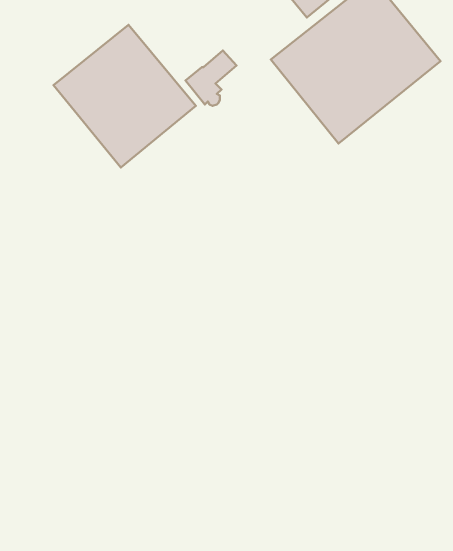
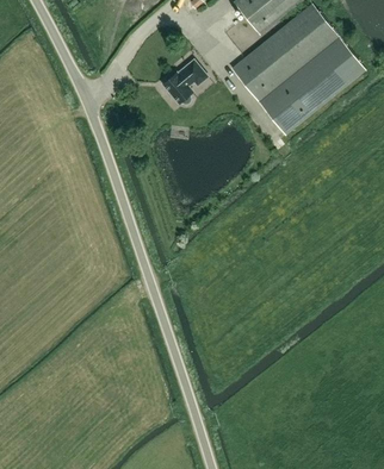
building: [54,25,196,168] -> none

